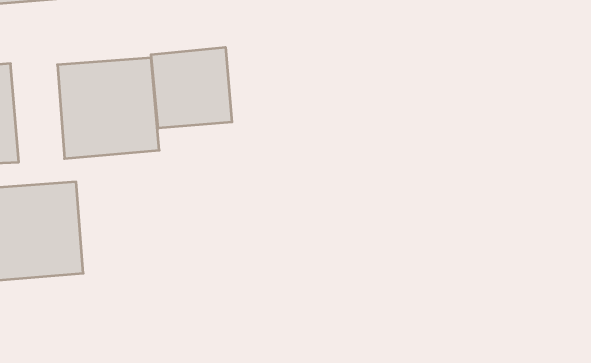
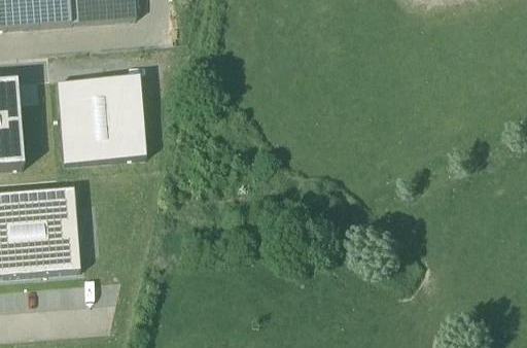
building: [151,47,232,128] -> none

